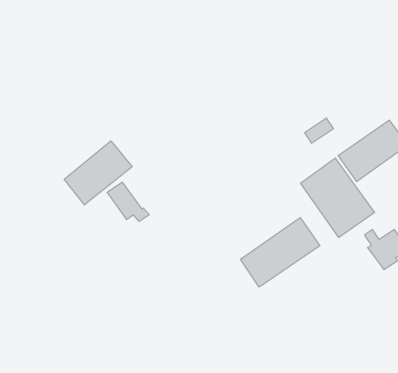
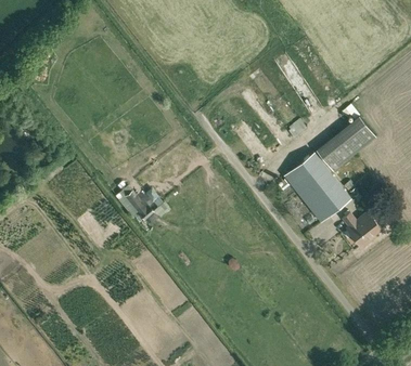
building: [64,141,132,205] -> none
building: [241,218,320,287] -> none

